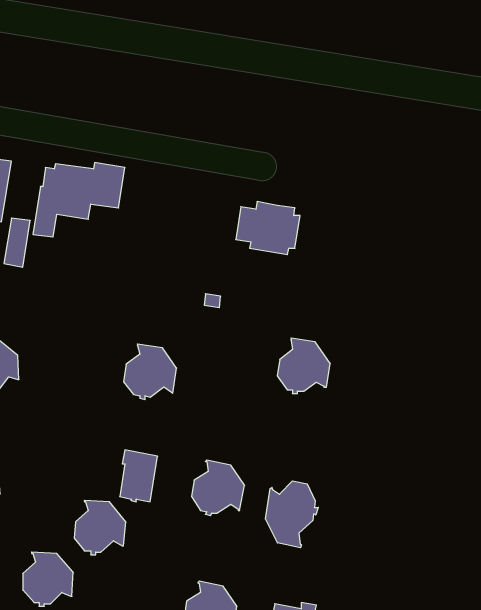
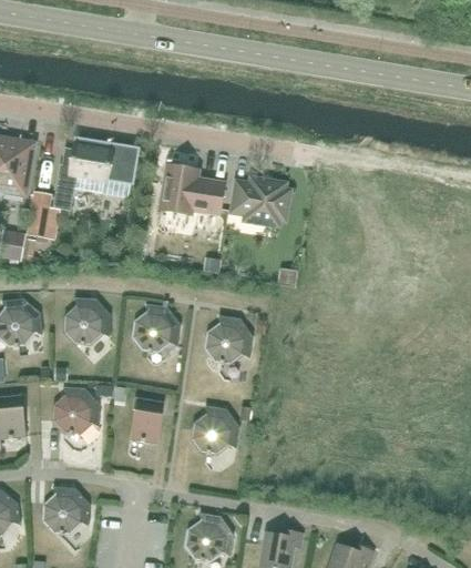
building: none -> [162,164,224,213]
building: none -> [66,296,111,344]
building: [277,338,330,394] -> [207,314,254,363]
building: [265,481,318,548] -> none
building: [74,500,126,555] -> [55,386,101,434]

